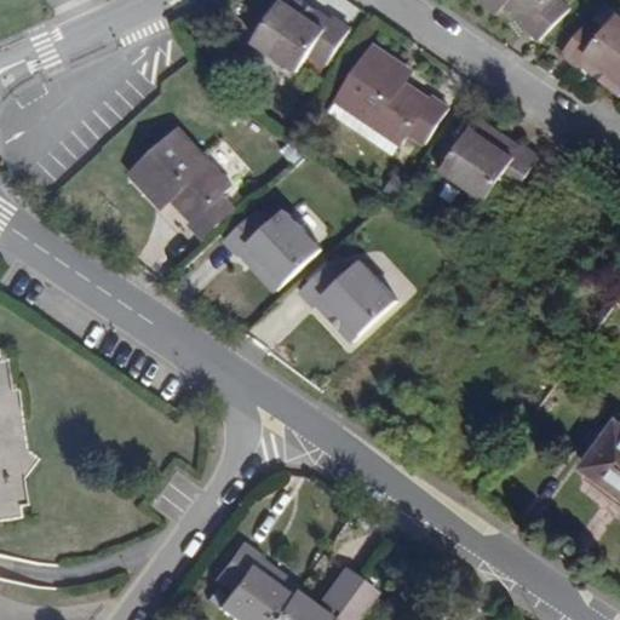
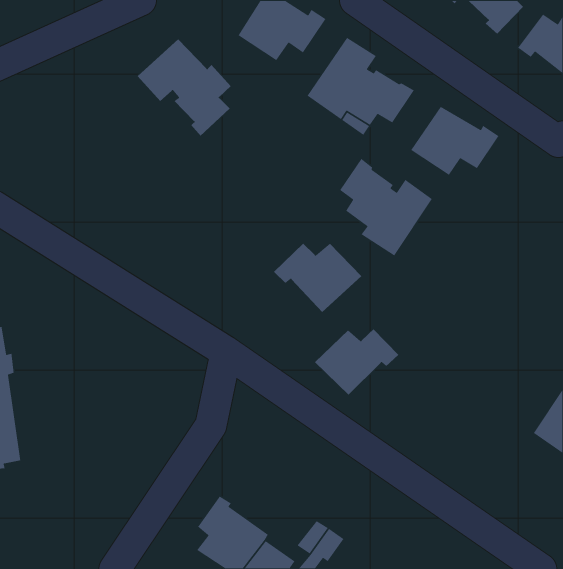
building: [127,133,230,240] -> [137,38,232,136]
building: none -> [339,158,433,256]
building: [220,212,317,289] -> none
building: none -> [314,328,399,395]

